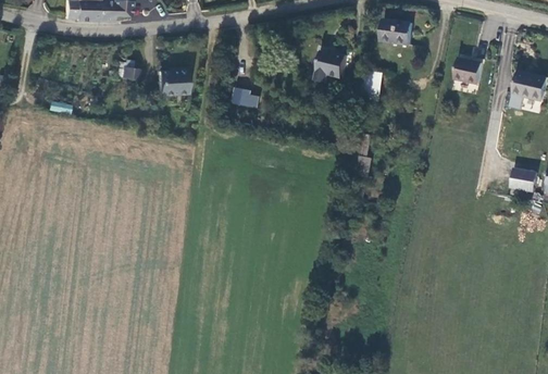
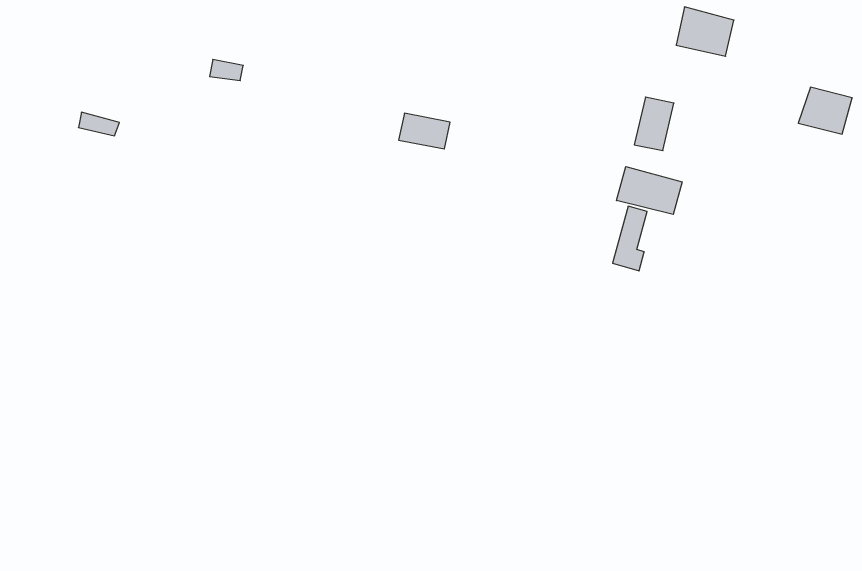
building: [313,51,347,84] -> none
building: [157,67,185,95] -> none
building: none -> [617,167,682,214]

